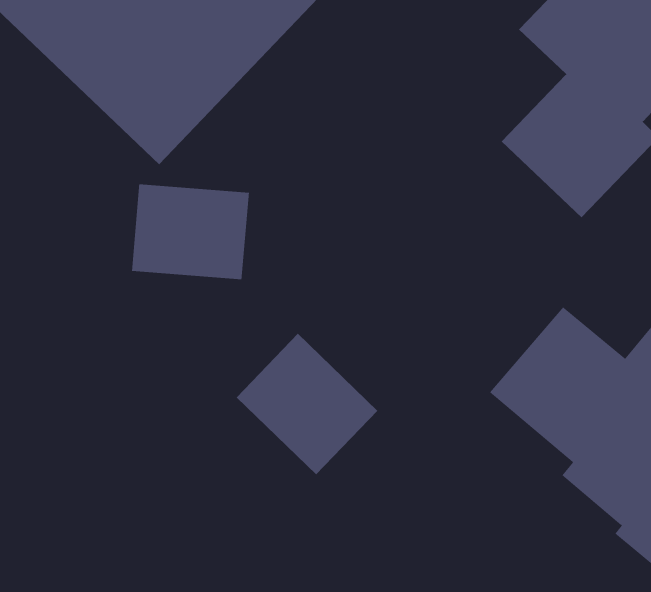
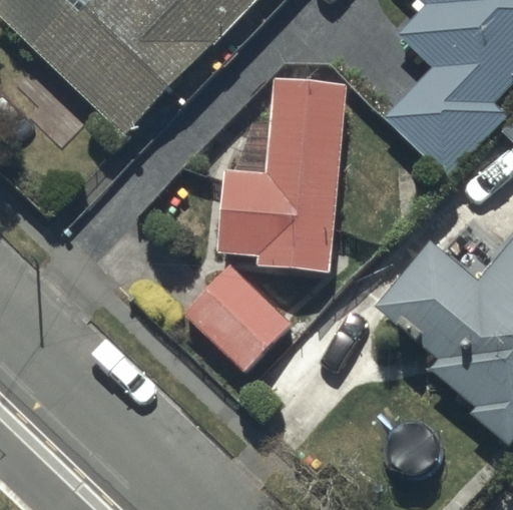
building: none -> [219,80,346,273]
building: [132,183,249,280] -> none

